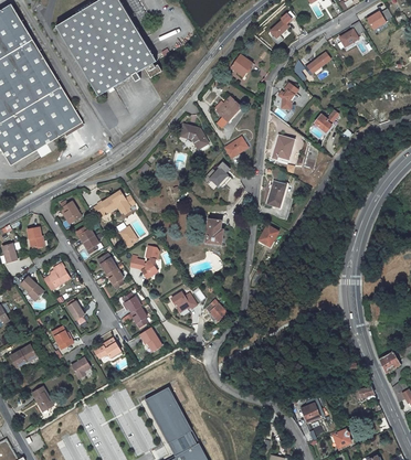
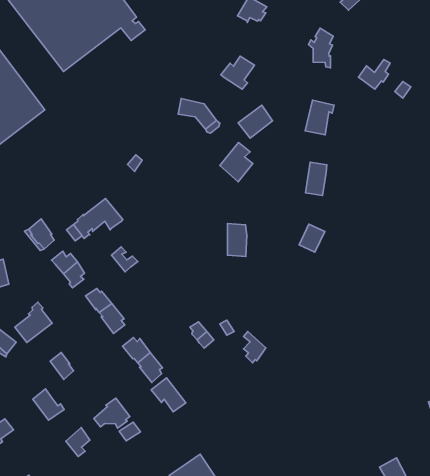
building: [130,246,157,279] -> none

